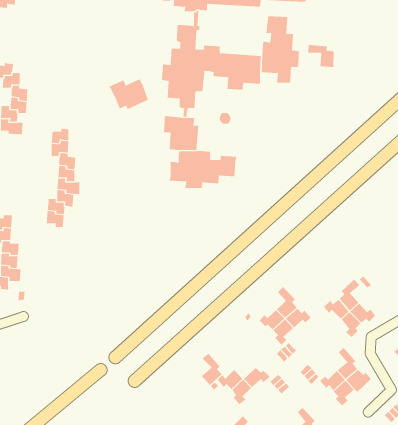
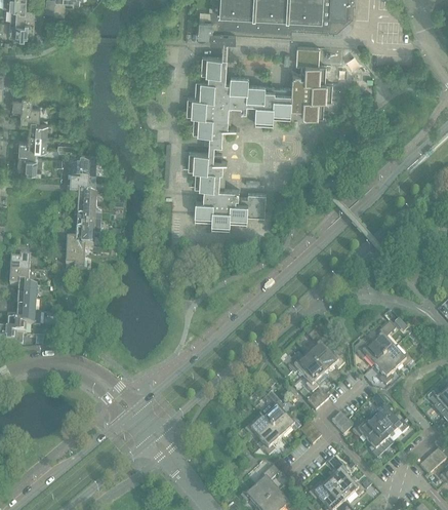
building: [308,44,334,68] -> none
building: [109,79,149,110] -> none
building: [201,353,222,386] -> [262,392,285,427]

